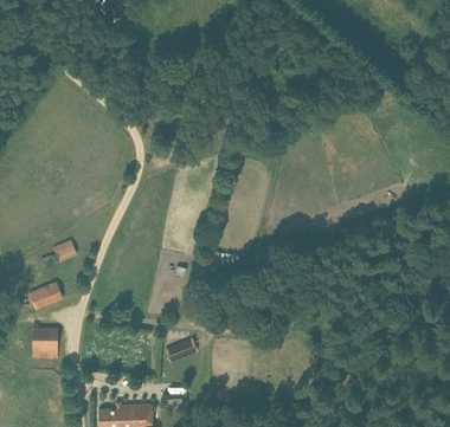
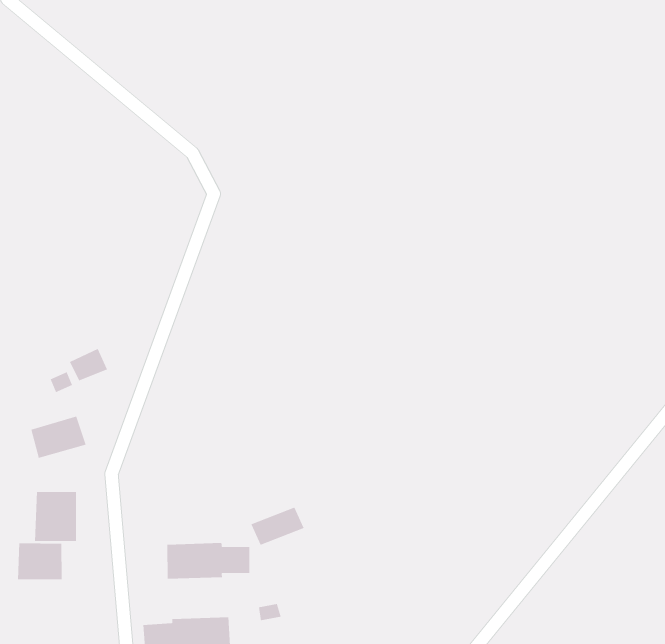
building: none -> [167,542,250,580]
building: none -> [17,543,62,580]

